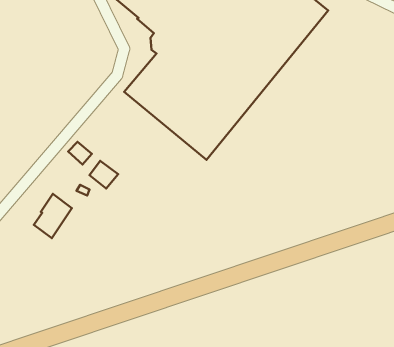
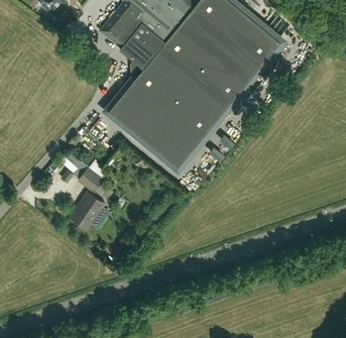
building: [34,194,72,238] -> [73,192,105,229]

